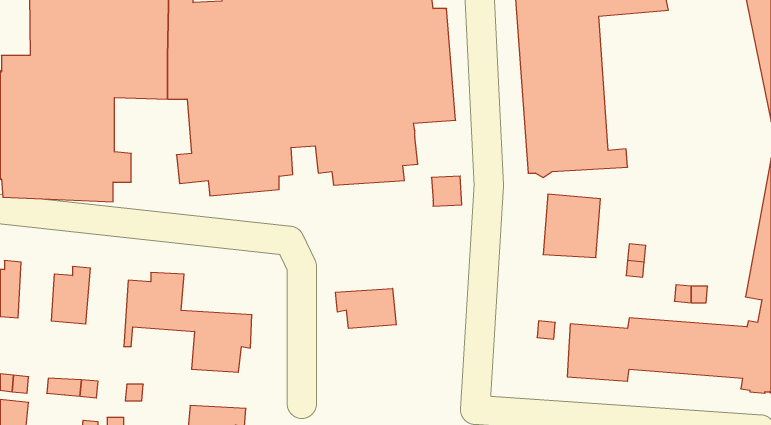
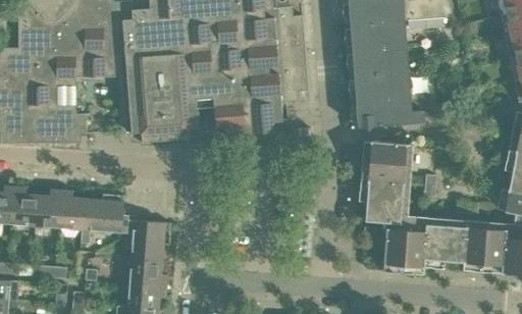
building: none -> [364,181,403,223]
building: none -> [12,187,37,226]
building: none -> [58,191,87,244]
building: [335,288,396,328] -> none
building: none -> [128,259,166,285]

